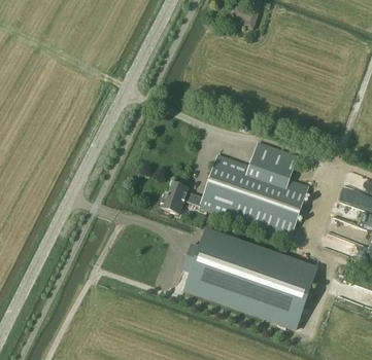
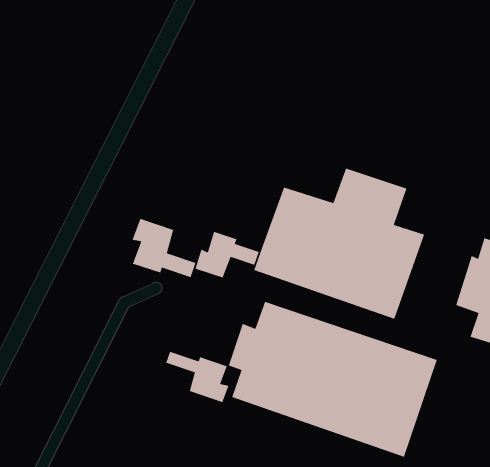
building: none -> [132,218,197,278]
building: none -> [165,351,229,403]

